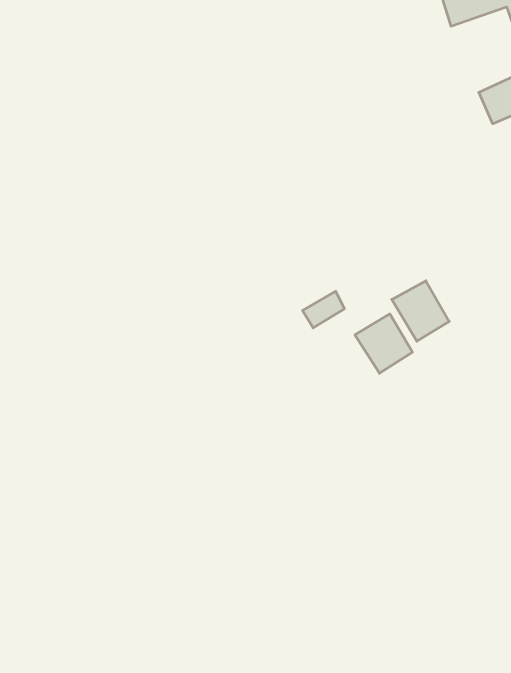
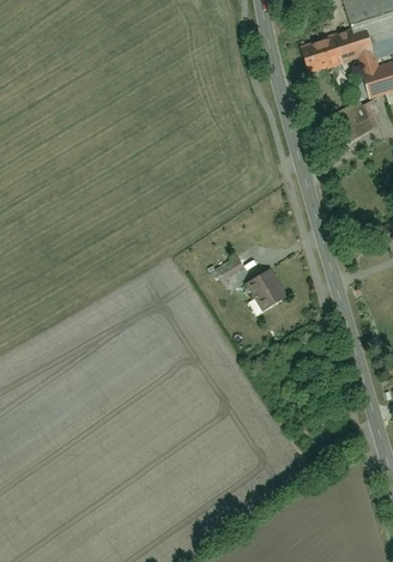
building: [392,281,449,341] -> none

